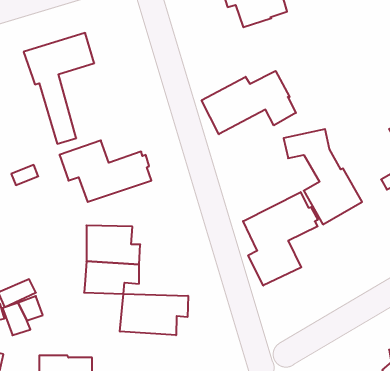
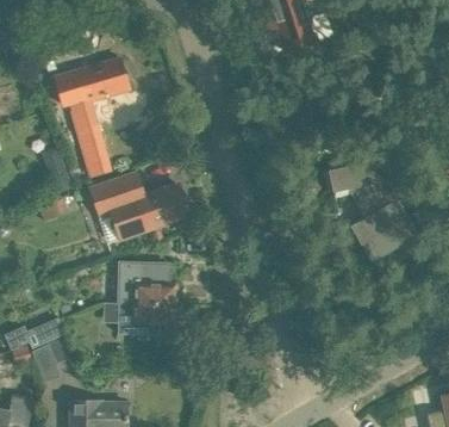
building: [202,71,296,134] -> none
building: [243,192,318,286] -> none
building: [120,294,188,335] -> none

